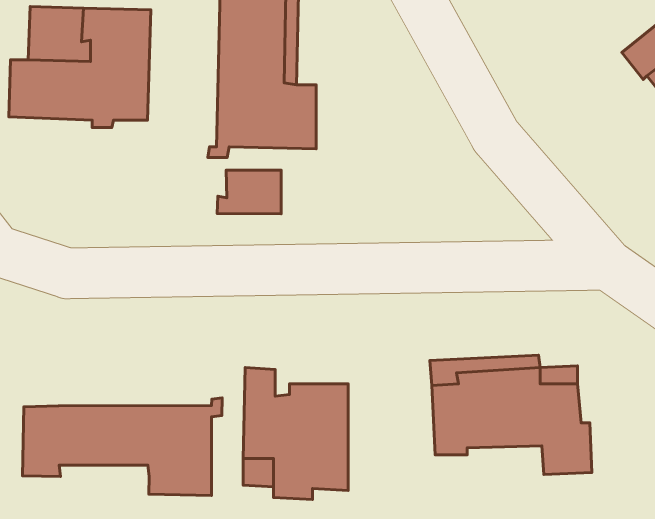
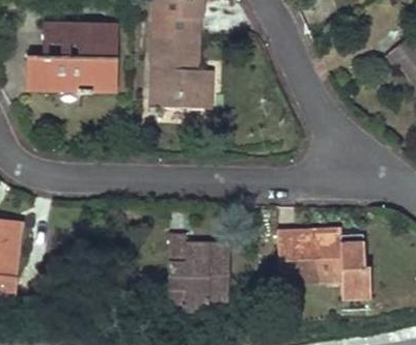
building: [217,170,281,214] -> none
building: [22,398,222,495] -> none

